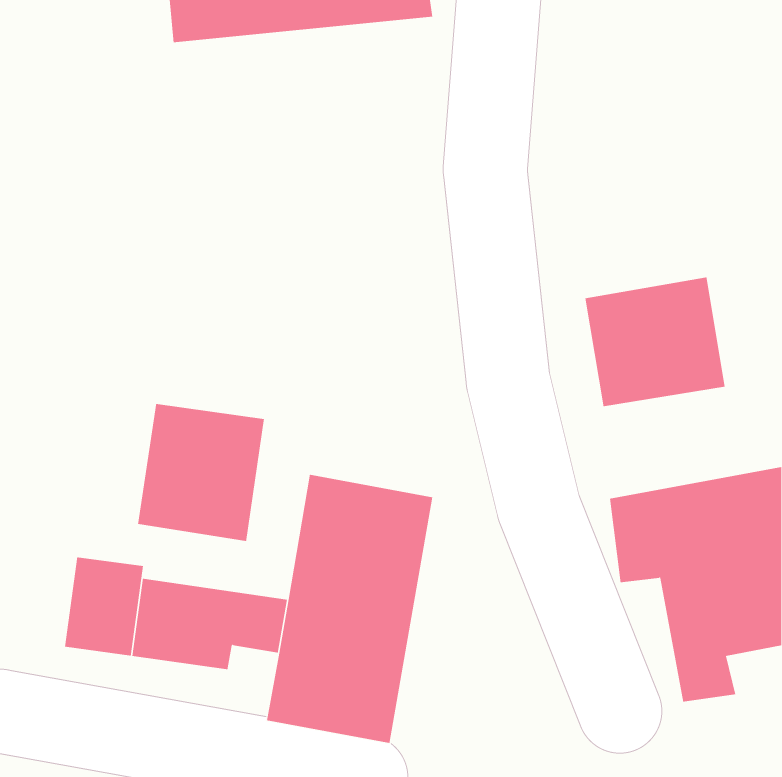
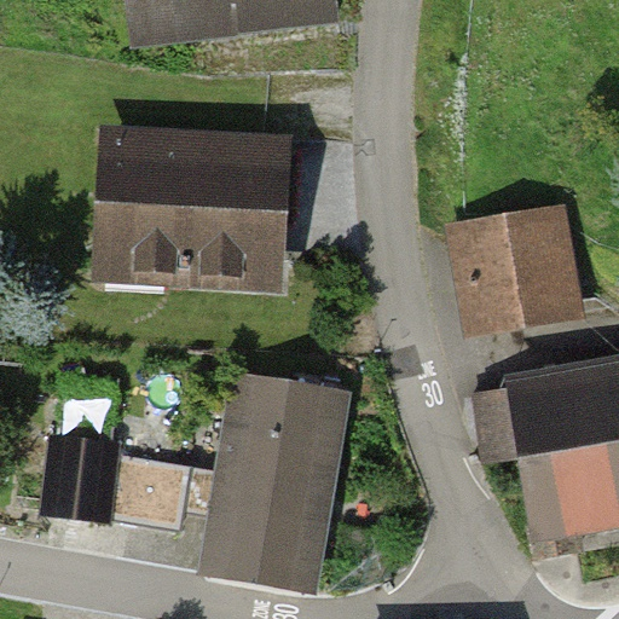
building: none -> [108,141,283,274]
building: [138,403,265,542] -> none

